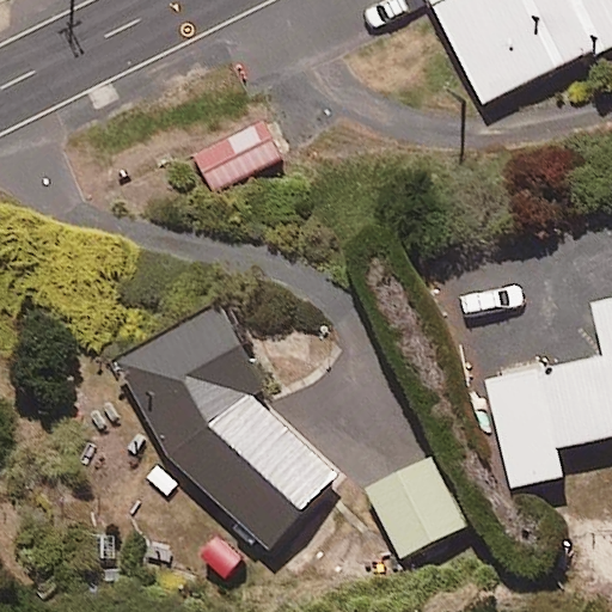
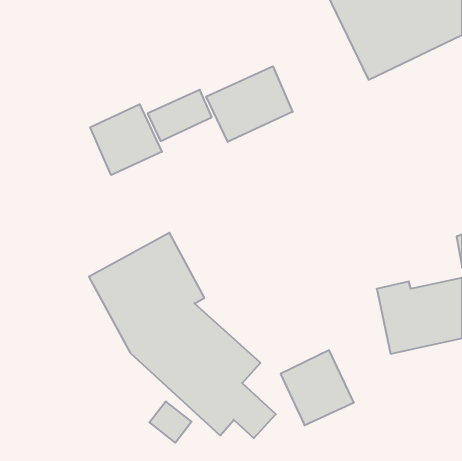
building: none -> [206,66,293,142]
building: none -> [90,104,162,175]

